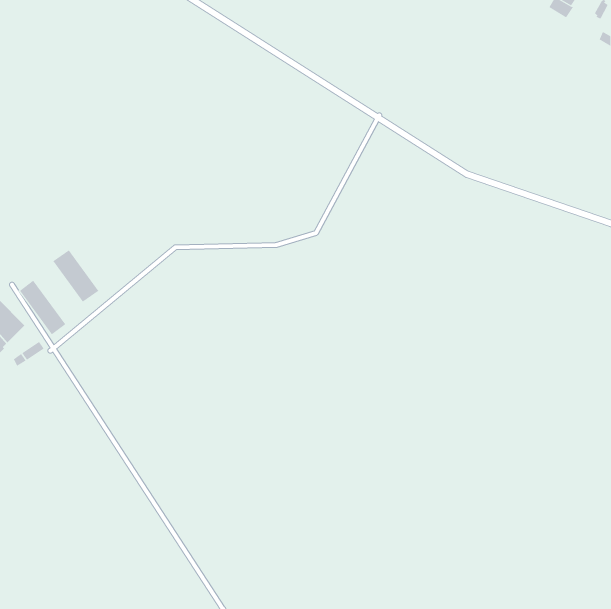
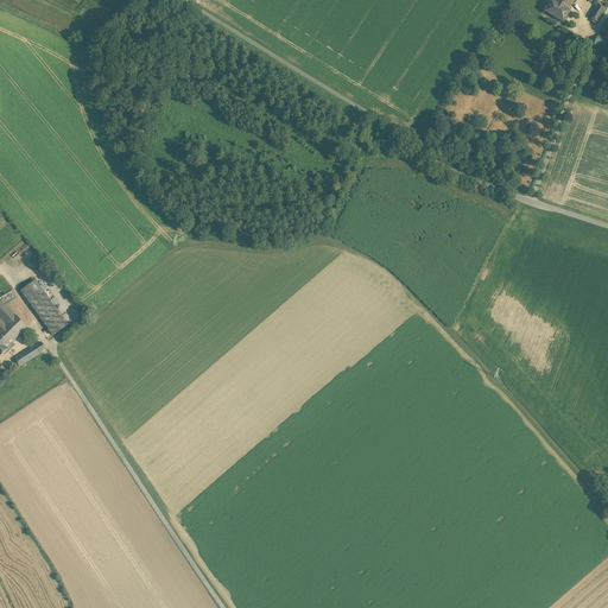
building: [53,249,99,303] -> none

